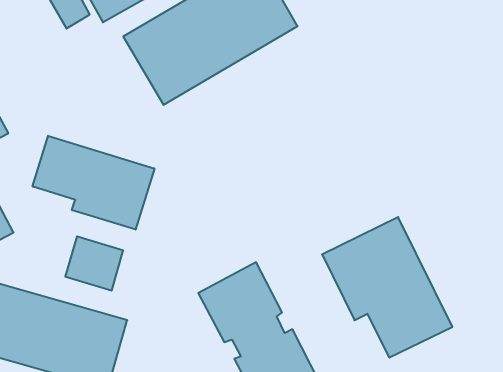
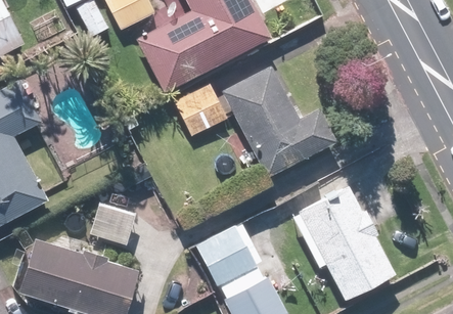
building: none -> [221,63,337,178]
building: none -> [171,84,226,137]
building: [33,136,154,230] -> none

